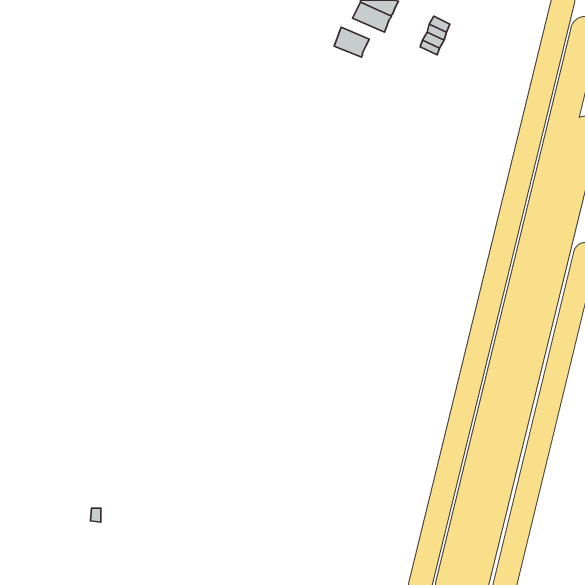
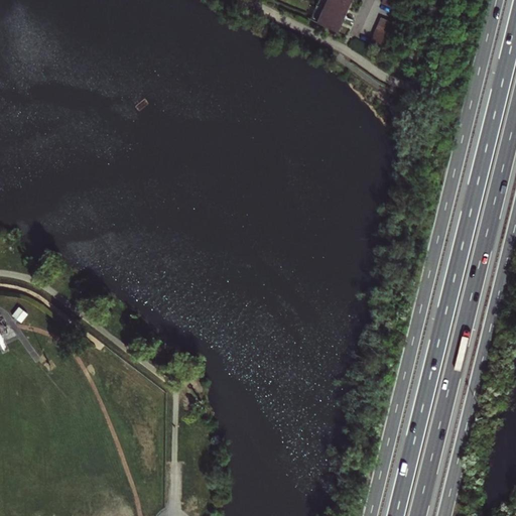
building: [334,27,369,57] -> none

